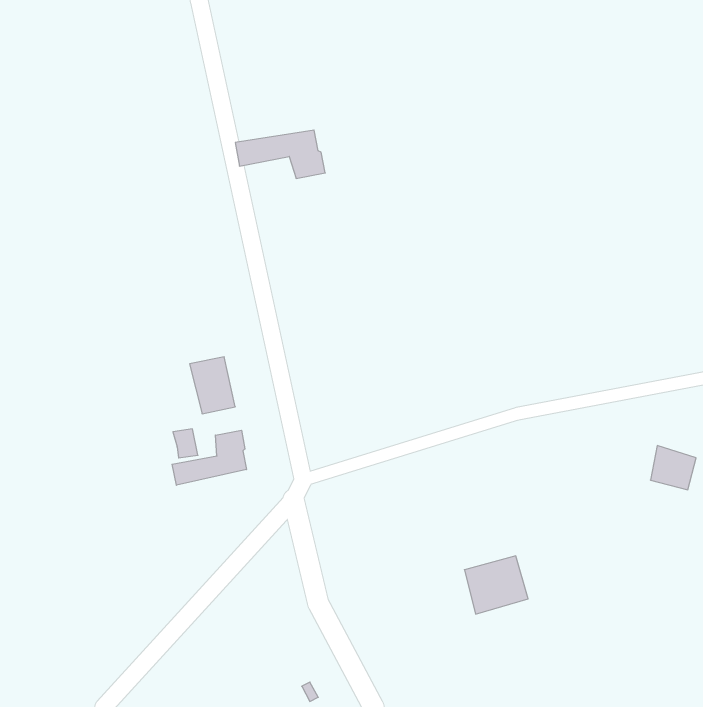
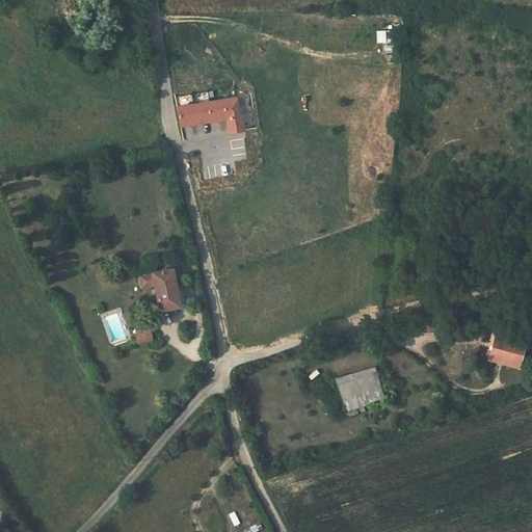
building: [172,430,246,485] -> none
building: [464,556,528,614] -> [338,368,385,411]

